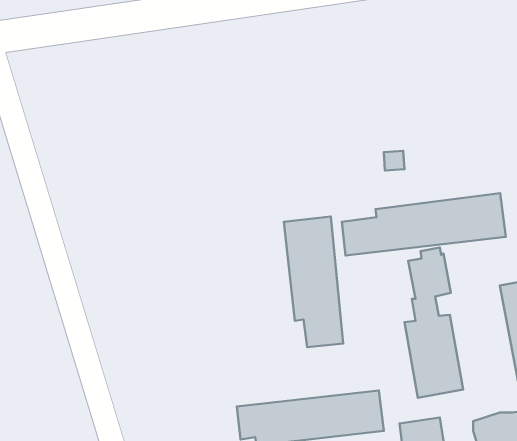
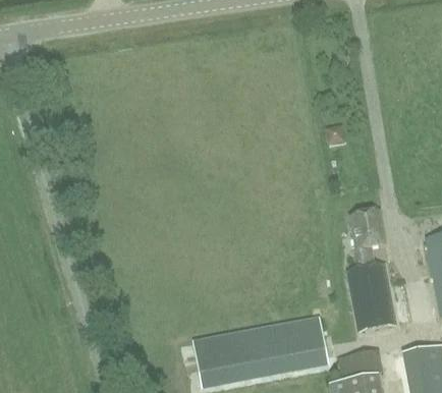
building: [342,193,506,255] -> none
building: [284,216,343,347] -> none

